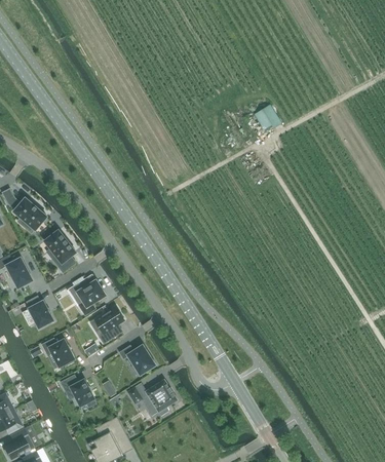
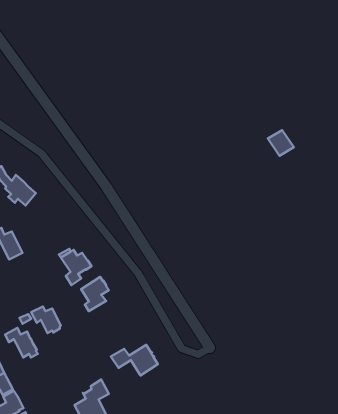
building: [254,106,281,133] -> [268,130,294,156]
building: [44,231,75,273] -> none
building: [26,297,53,329] -> none
building: [119,346,155,375] -> none
building: [61,376,95,408] -> [5,328,38,358]

